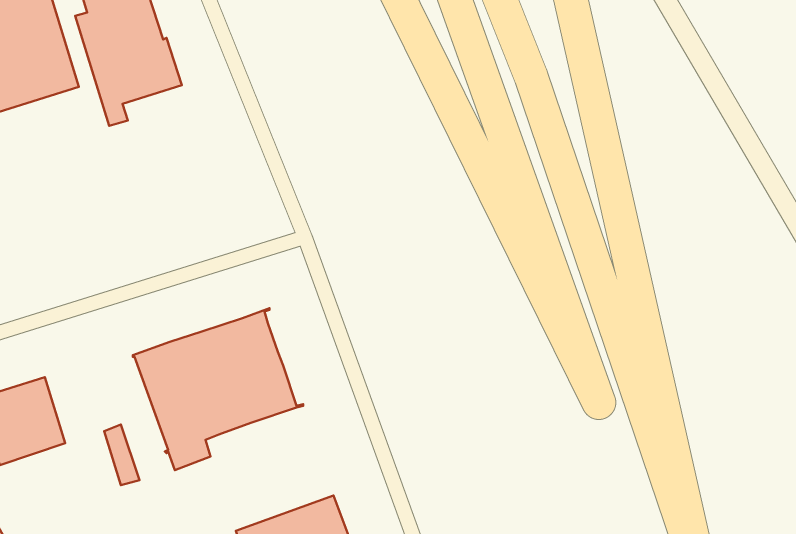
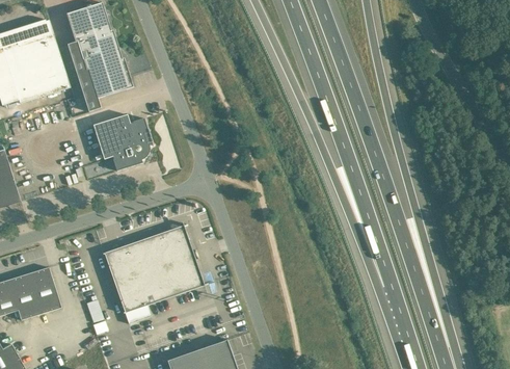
building: none -> [91,113,151,170]

